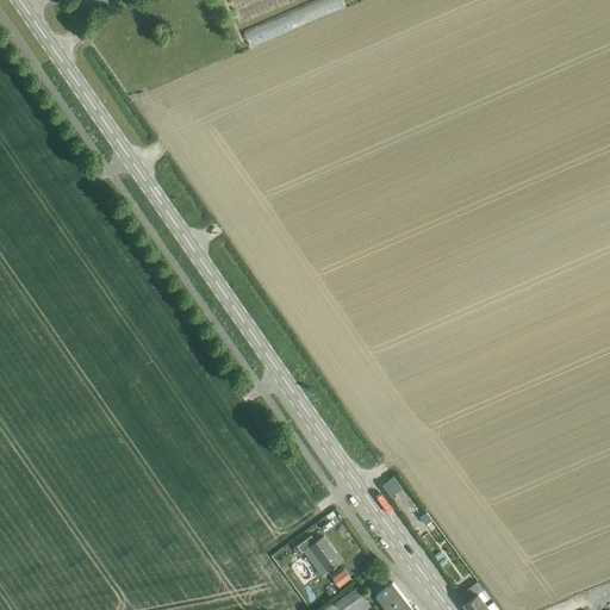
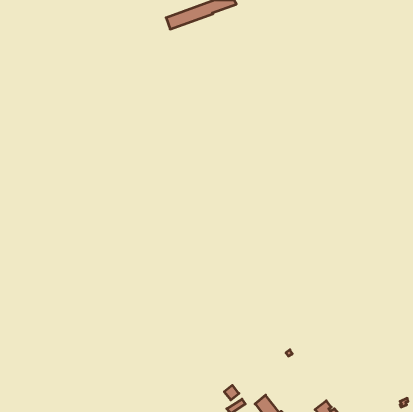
building: [297,537,341,574] -> none

